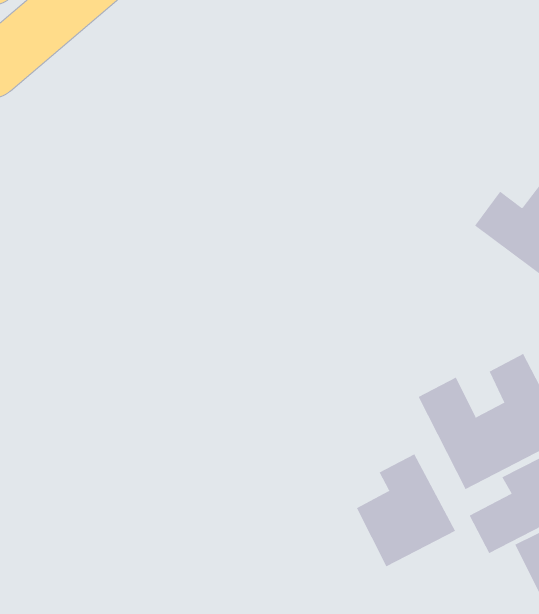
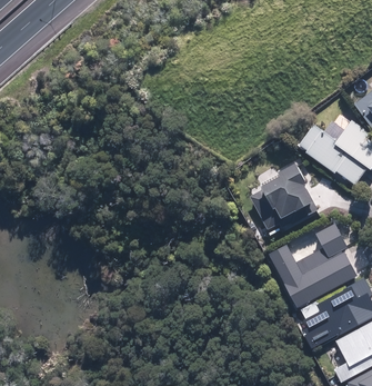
building: none -> [252,160,320,234]
building: [356,454,456,567] -> none

